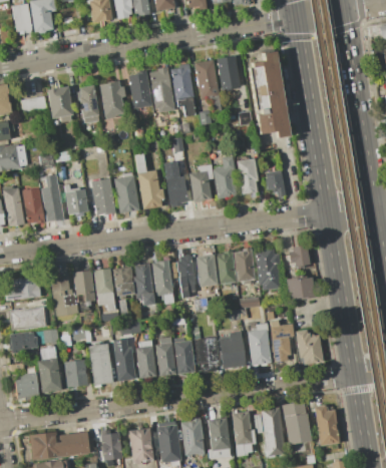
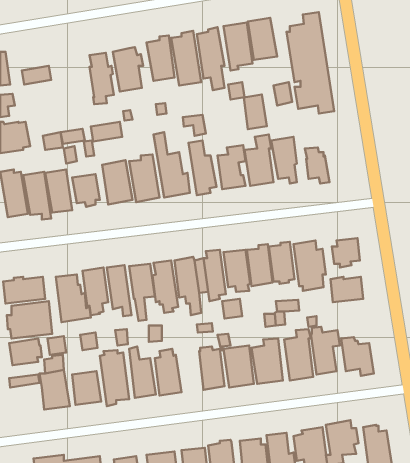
building: [47,86,74,123] -> none
building: none -> [244,95,267,129]
building: [155,336,177,380] -> none
building: [15,373,41,398] -> none

